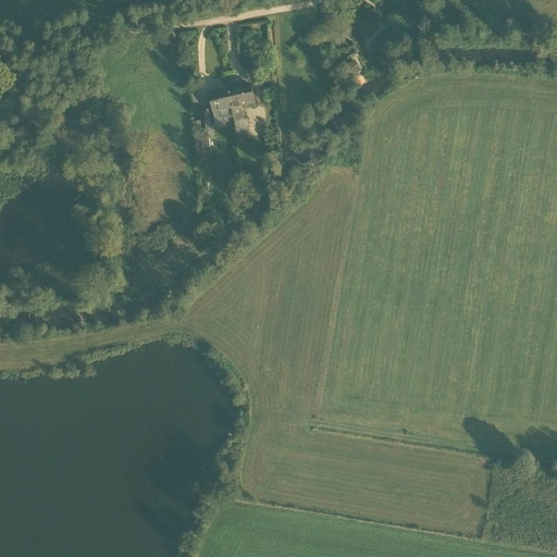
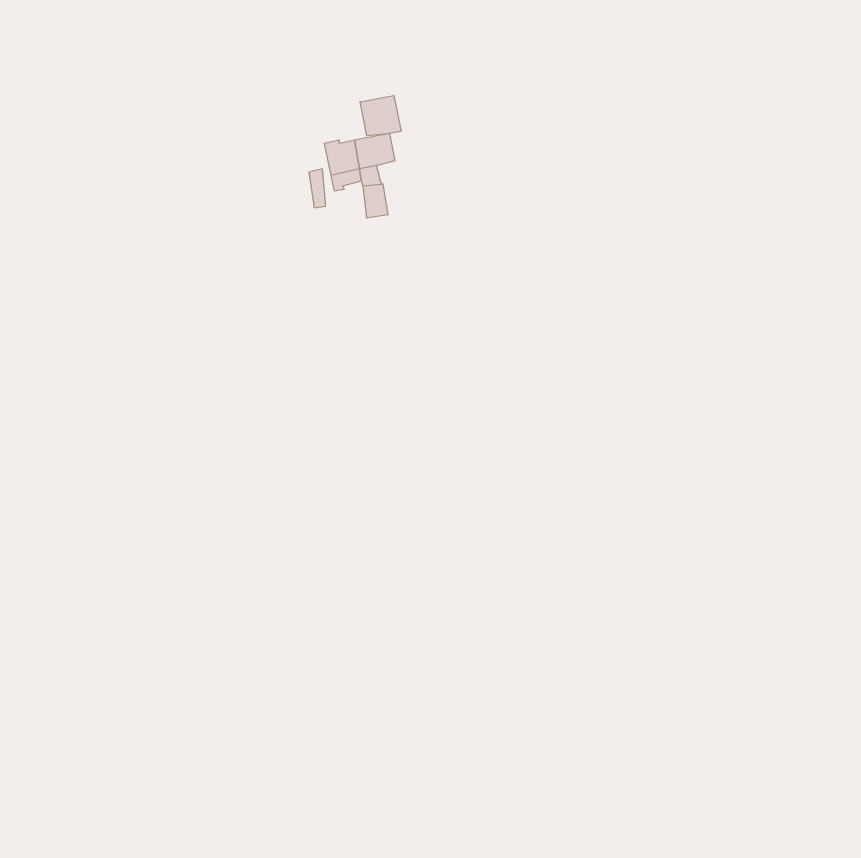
building: none -> [360,95,401,136]

